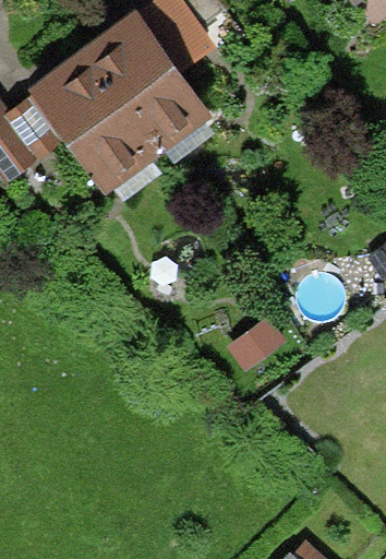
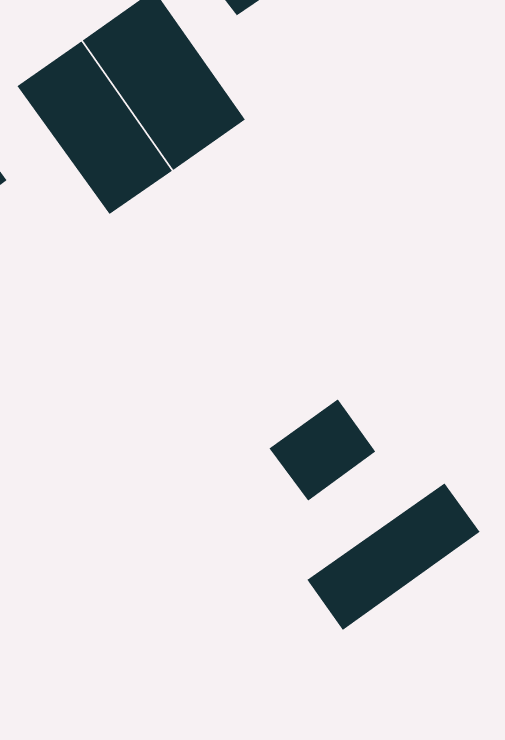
building: none -> [306,483,480,631]

